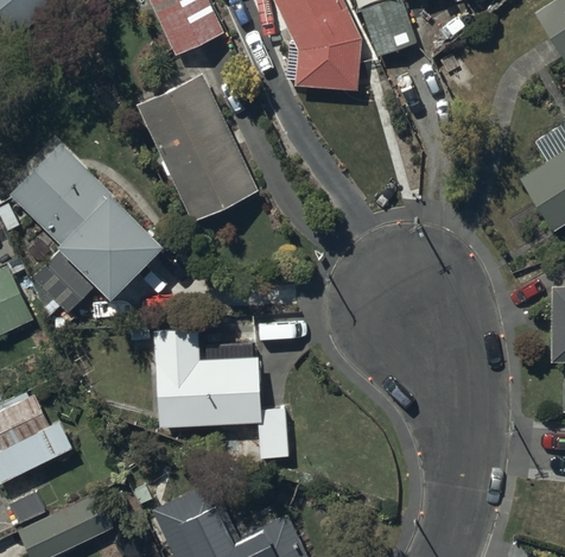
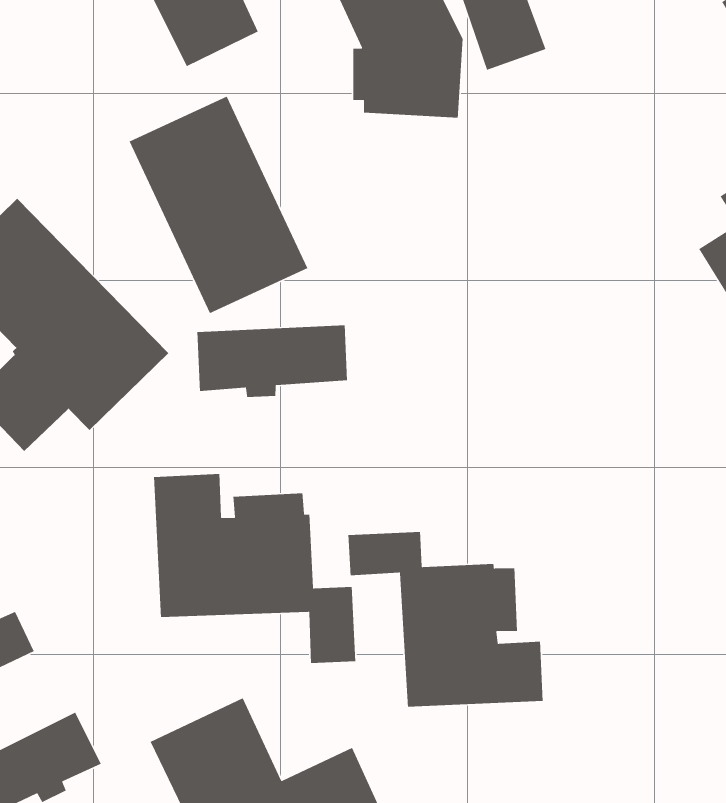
building: none -> [196,324,348,398]
building: none -> [348,531,543,708]

